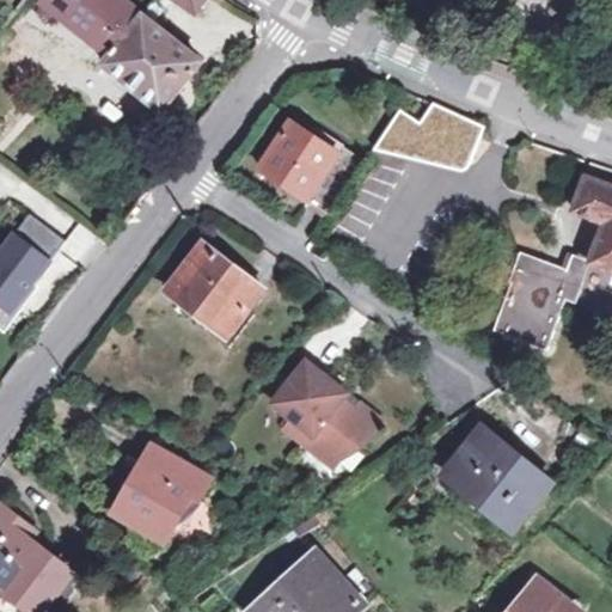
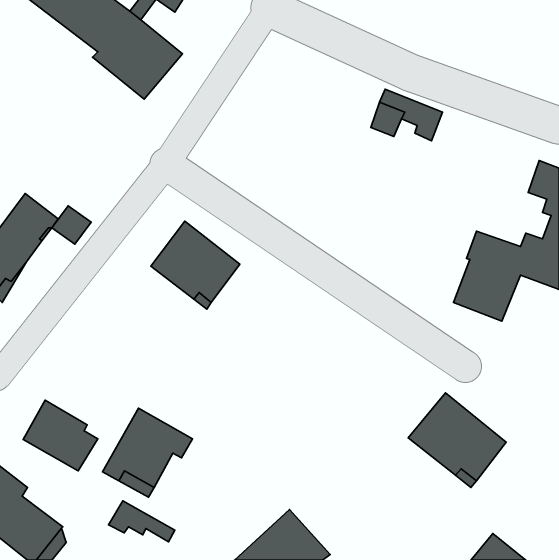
building: [258,121,365,215] -> none
building: [274,360,379,464] -> none
building: none -> [23,400,98,471]
building: none -> [108,501,175,542]

